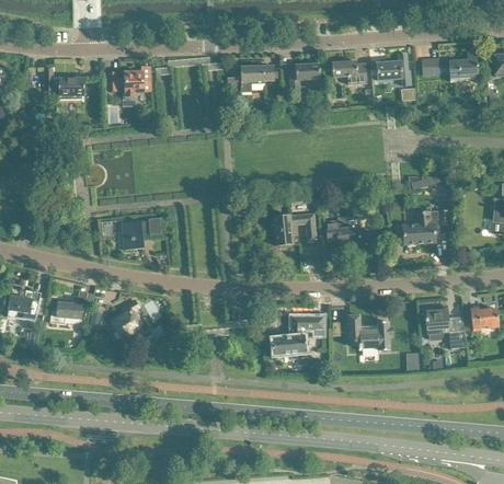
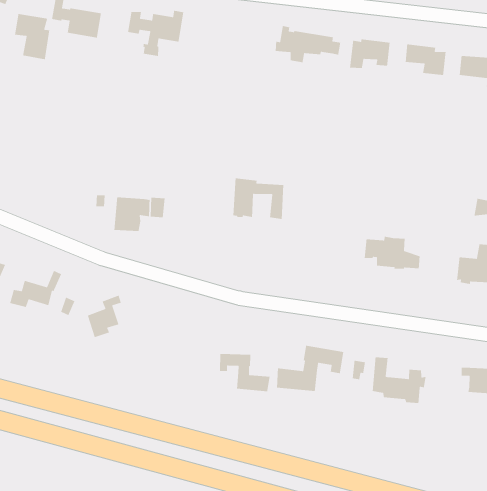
building: none -> [14,13,50,60]
building: [273,214,317,246] -> [232,178,284,220]
building: none -> [219,353,271,392]

